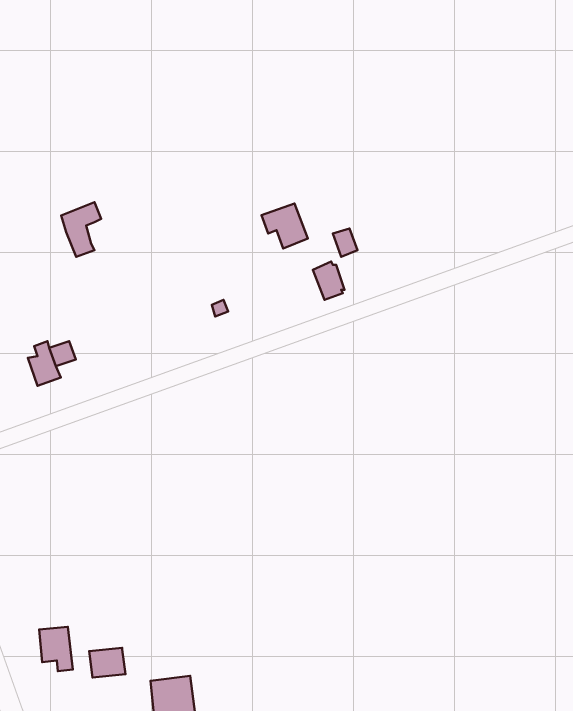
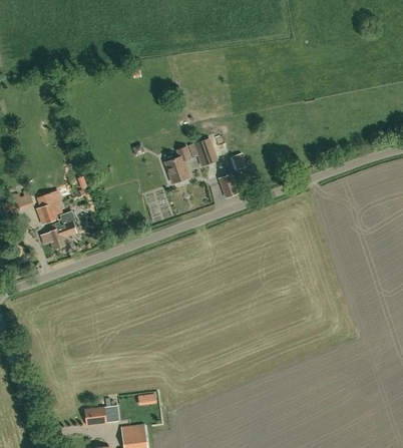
building: [61,202,101,257] -> [37,190,61,223]
building: none -> [163,147,189,183]
building: [39,627,73,671] -> none

